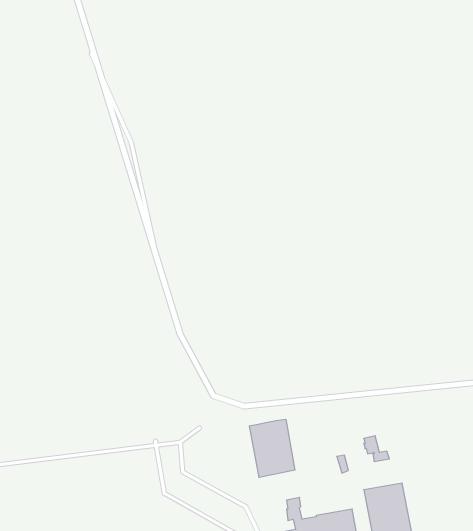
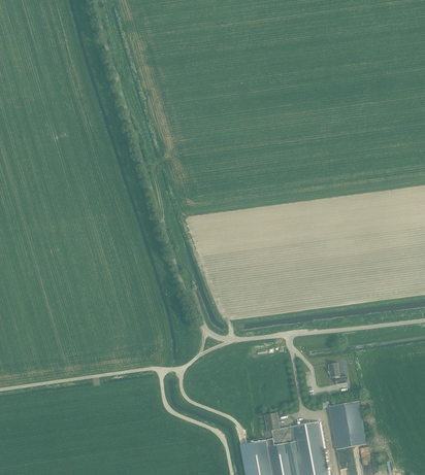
building: [249,419,295,478] -> none

